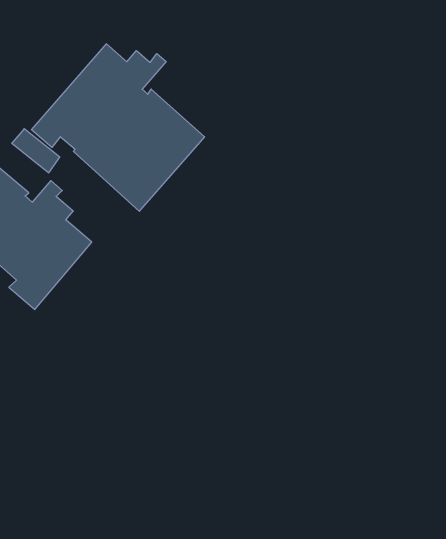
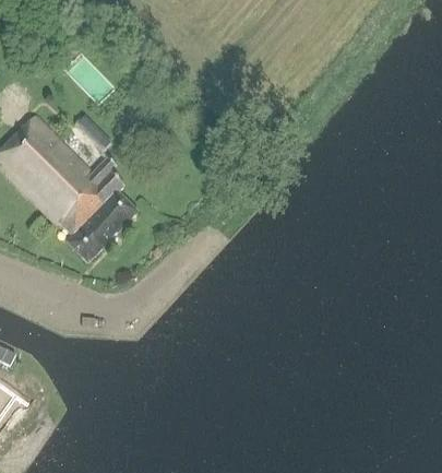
building: [31,44,205,211] -> none

